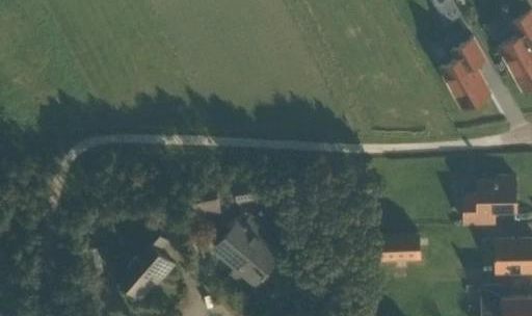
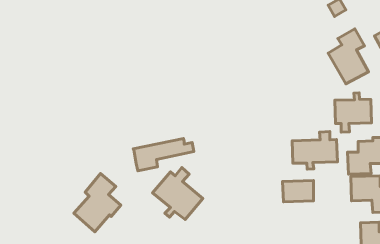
building: none -> [335,93,372,132]
building: none -> [292,131,337,169]

